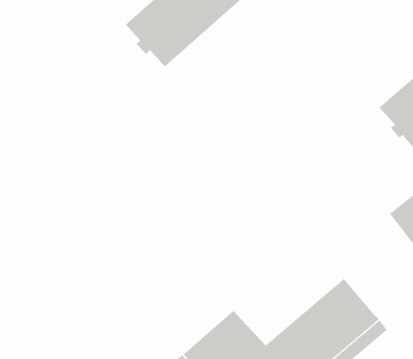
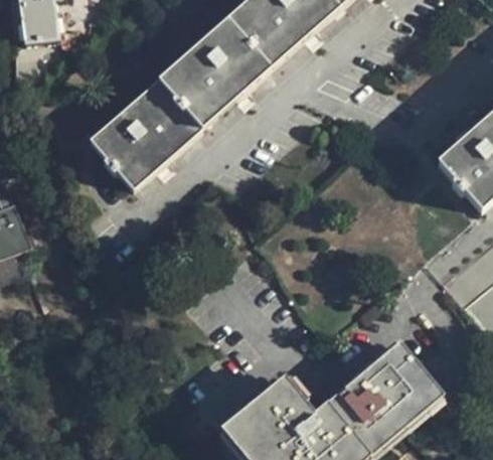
building: none -> [89,71,210,186]

